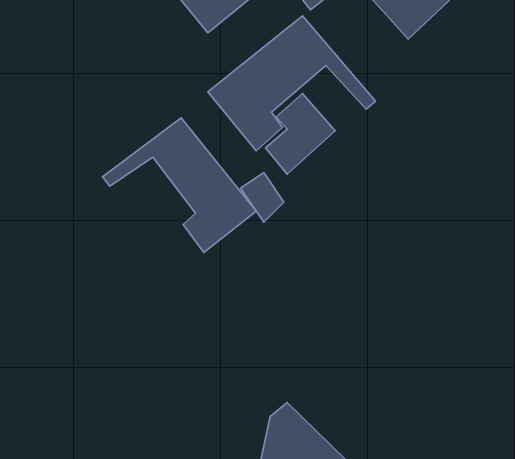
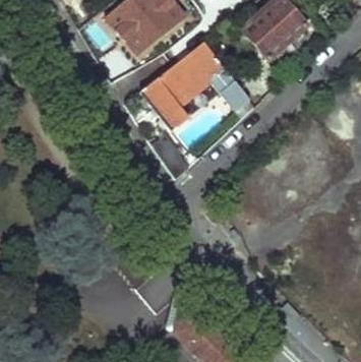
building: [102,118,256,253] -> none

